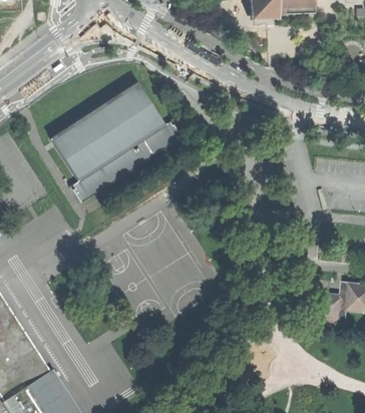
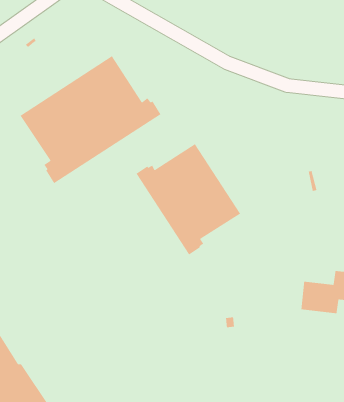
building: none -> [136,143,241,256]

